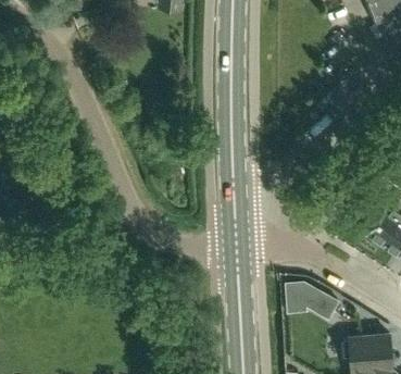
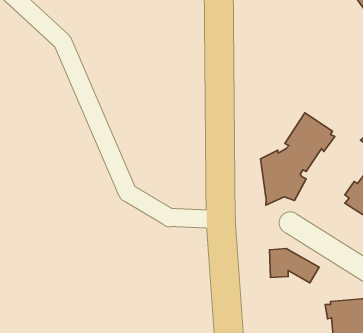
building: none -> [260,113,335,205]

